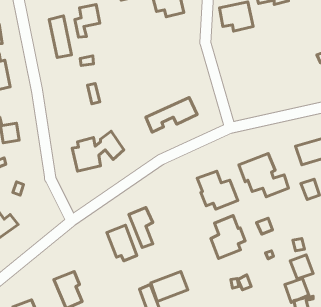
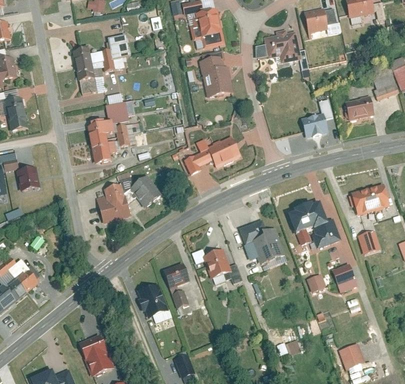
building: none -> [199,54,230,97]
building: none -> [345,95,374,118]
building: none -> [301,98,334,137]
building: none -> [106,101,130,122]
building: none -> [88,122,112,164]
building: none -> [192,247,232,278]
building: [211,215,245,258] -> none
building: [290,255,313,279] -> [332,264,358,291]
building: [151,272,188,301] -> none

